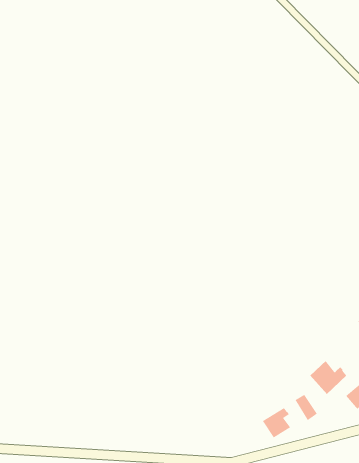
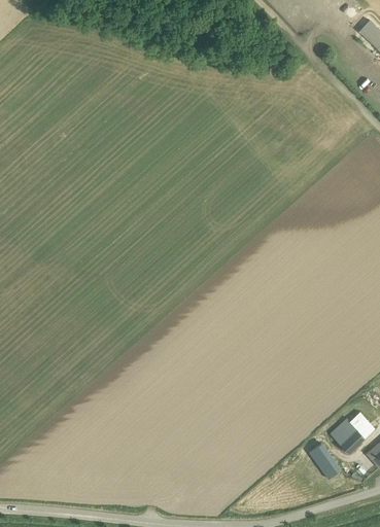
building: [262,407,291,439] -> none

